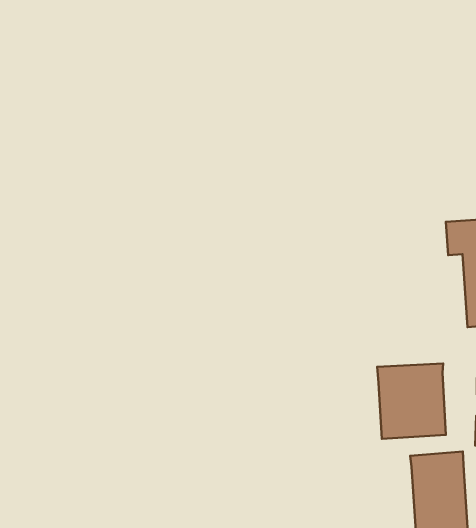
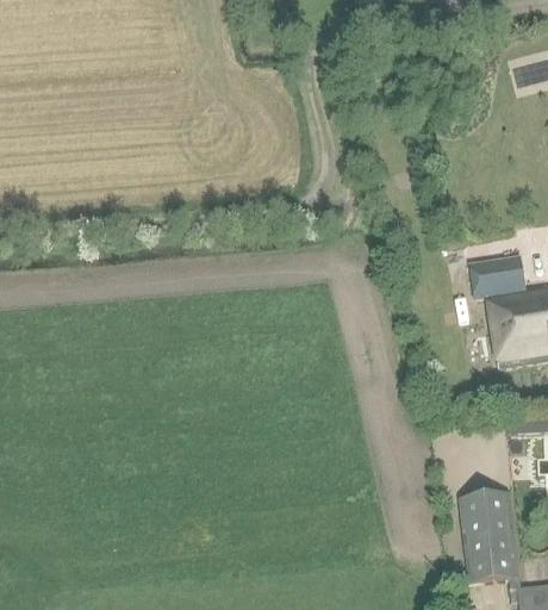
building: [377,364,446,439] -> none

